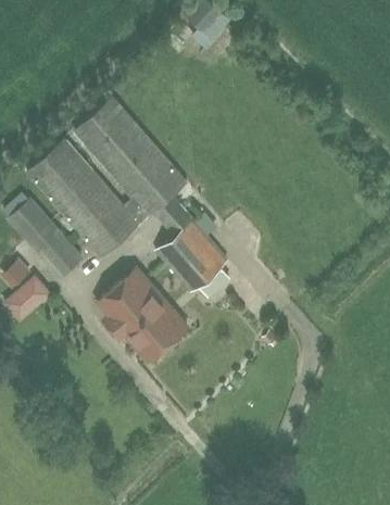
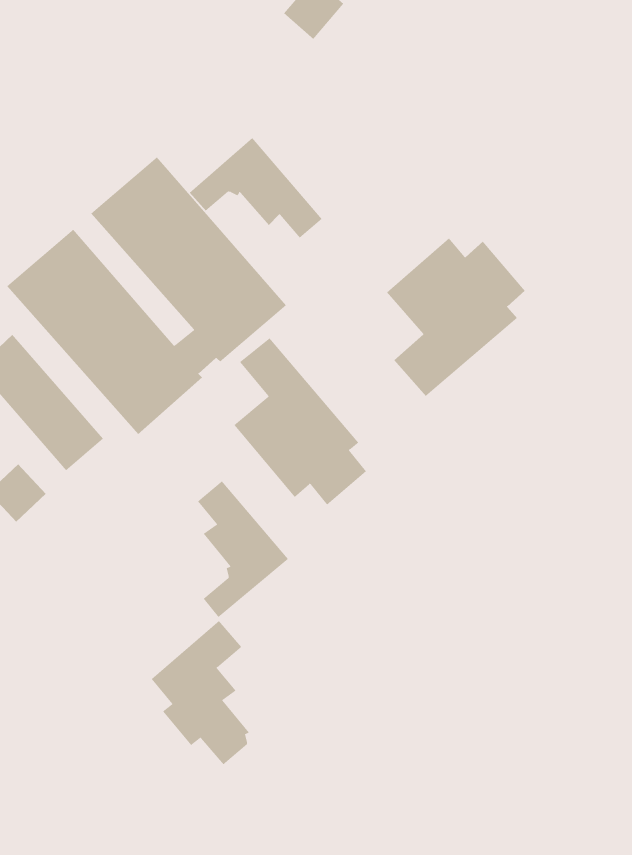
building: none -> [189,137,322,238]
building: none -> [386,237,525,397]
building: [98,268,154,351] -> [151,620,250,765]

